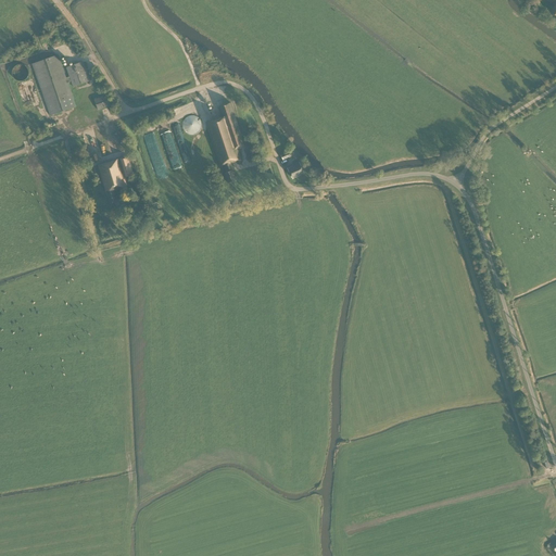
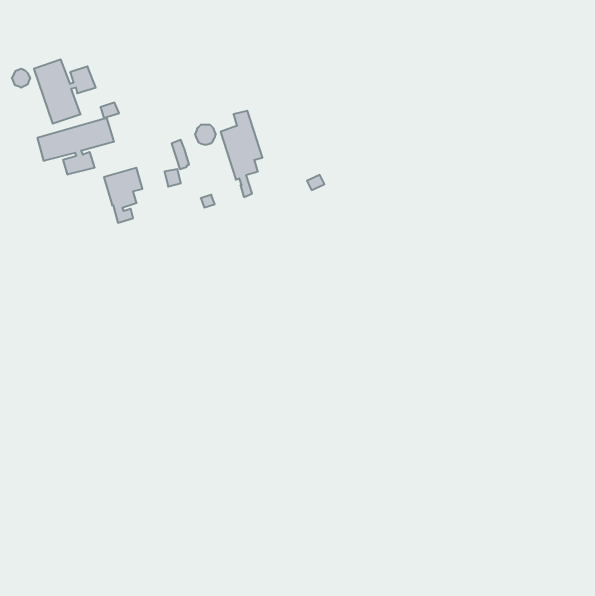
building: none -> [38,118,114,175]

